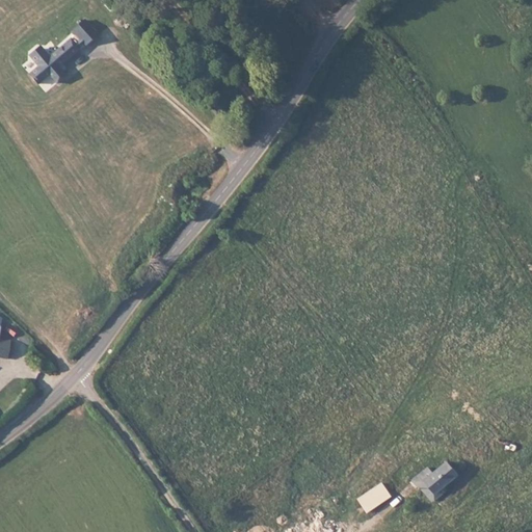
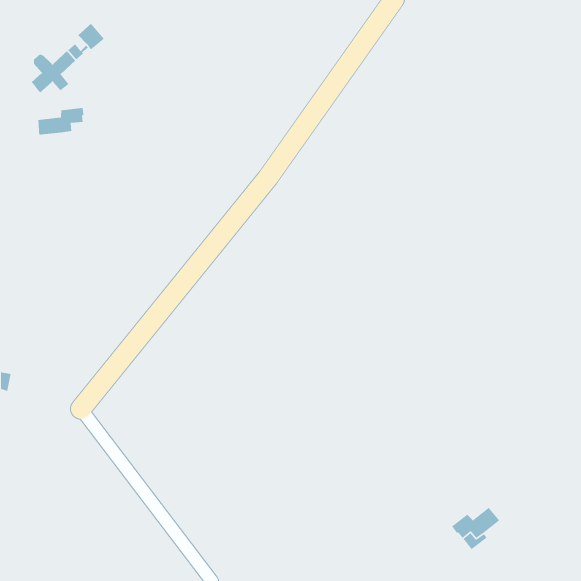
building: none -> [37,107,85,136]
building: [358,482,391,510] -> none

